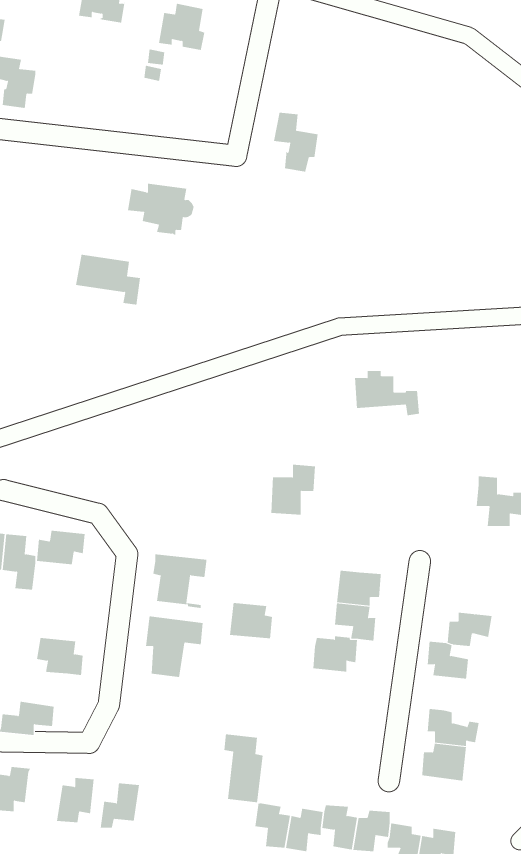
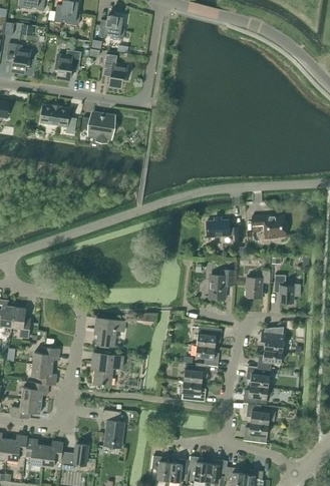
building: none -> [54,49,80,79]
building: [273,112,319,172] -> [102,54,127,87]
building: [75,254,141,305] -> [39,105,75,133]
building: none -> [251,214,286,238]
building: [271,464,316,515] -> [208,270,233,298]
building: none -> [246,270,269,298]
building: [36,530,85,565] -> [32,347,59,366]
building: none -> [260,327,284,352]
building: [229,602,273,639] -> [181,381,205,401]
building: none -> [21,382,47,402]
building: none -> [243,385,268,404]
building: [223,734,263,803] -> [101,410,123,448]
building: none -> [24,438,44,465]

